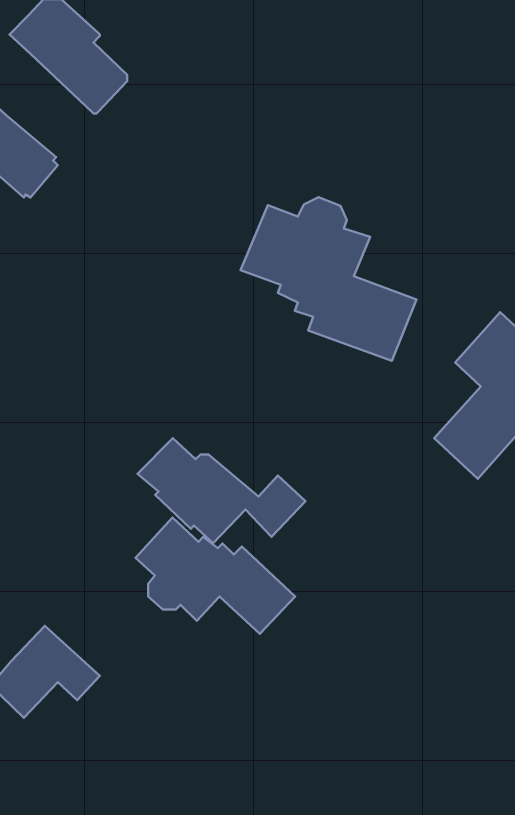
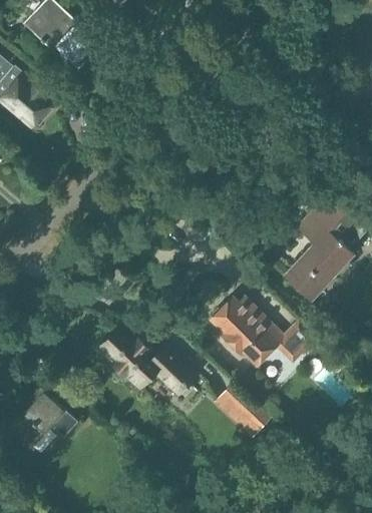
building: [240,197,416,361] -> none
building: [137,438,305,543] -> [211,300,315,365]
building: none -> [213,383,271,433]

